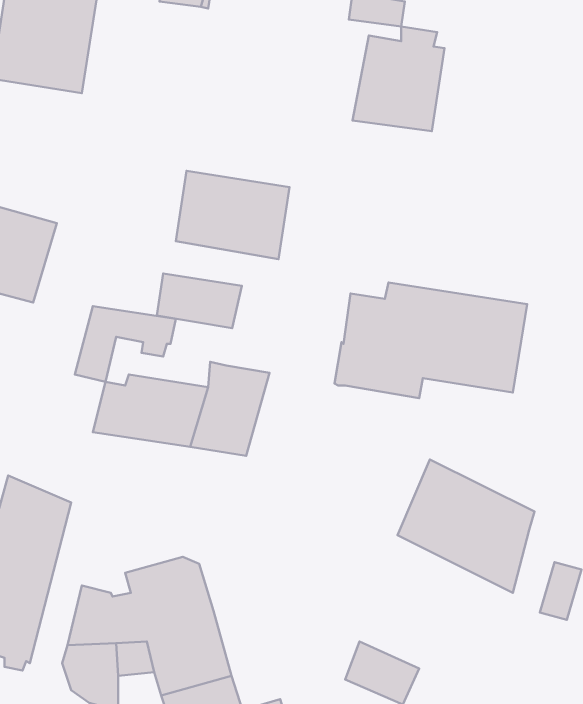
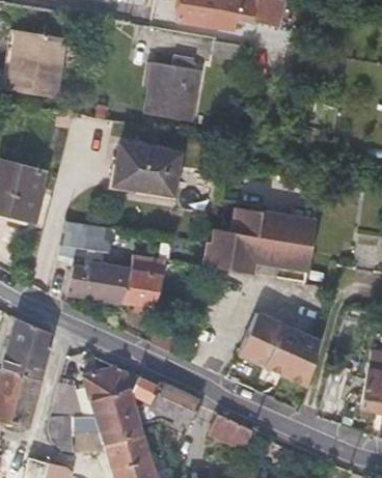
building: [352,27,444,131] -> [145,59,198,119]
building: [157,274,242,328] -> none
building: none -> [127,370,200,424]

